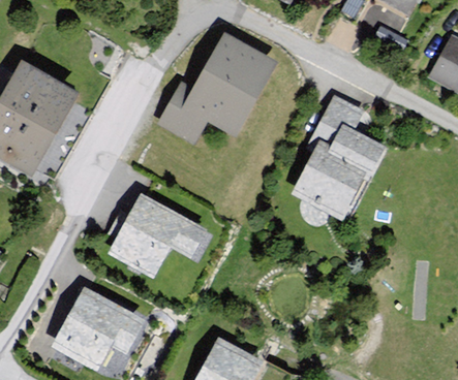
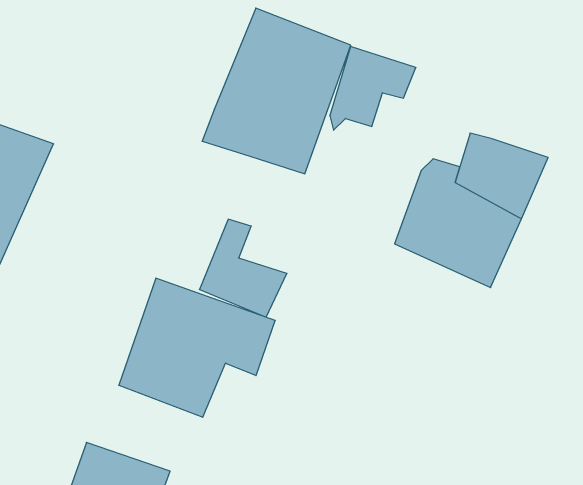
building: [153,83,208,146] -> [199,219,287,317]
building: [310,95,367,146] -> [330,46,416,130]

